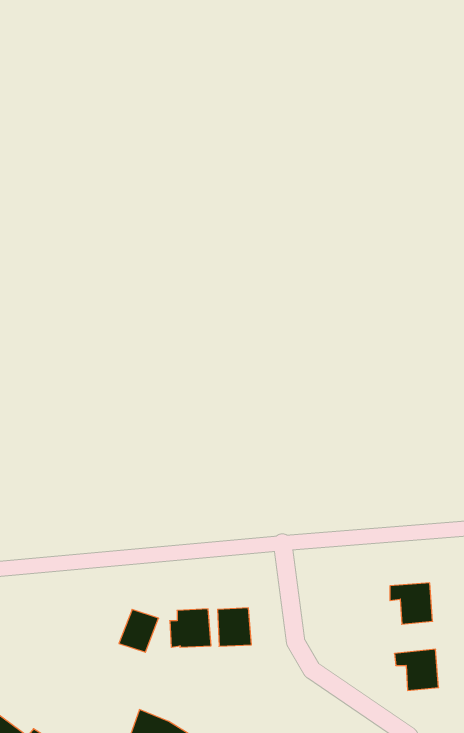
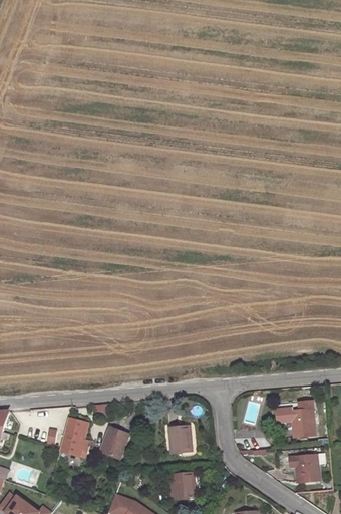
building: none -> [59,418,87,456]
building: [170,609,211,647] -> [165,471,194,497]

